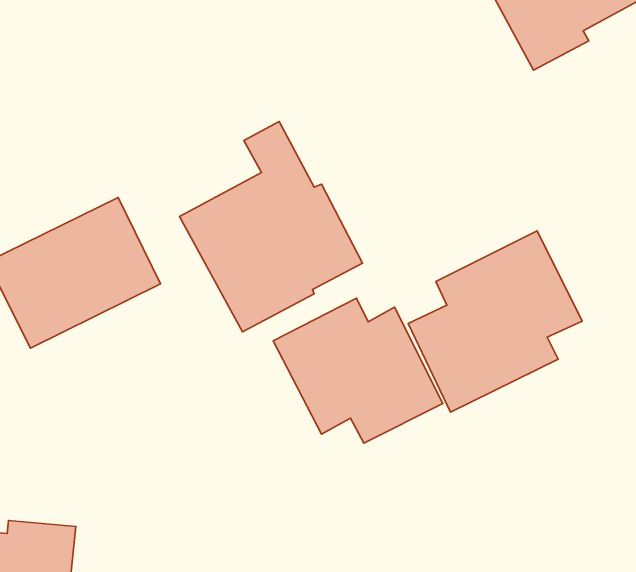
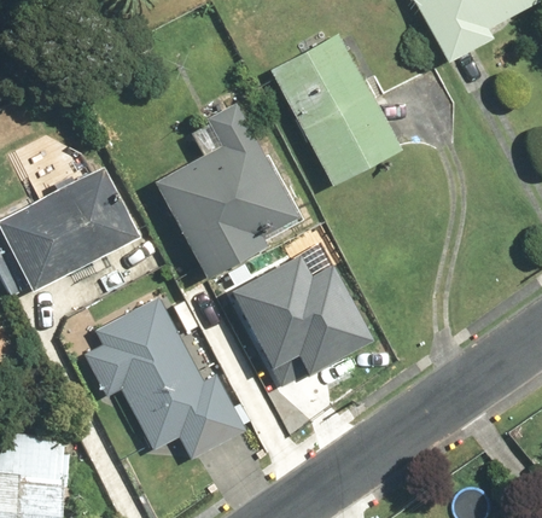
building: none -> [270,35,400,186]
building: [408,231,582,412] -> none
building: none -> [83,298,246,459]

